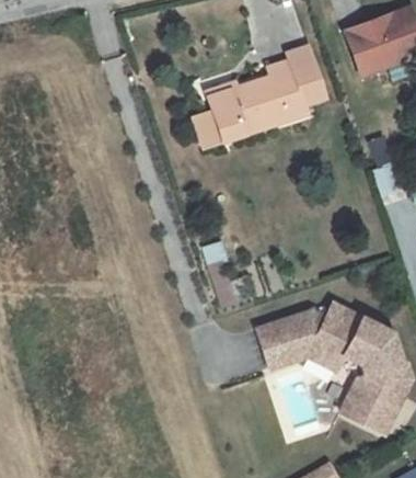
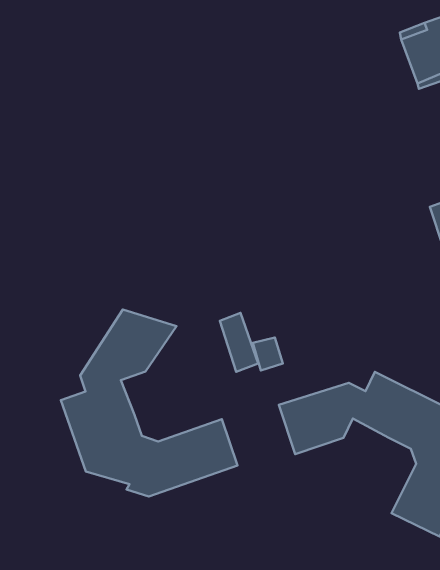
building: [207,43,323,137] -> none
building: none -> [61,309,237,497]

